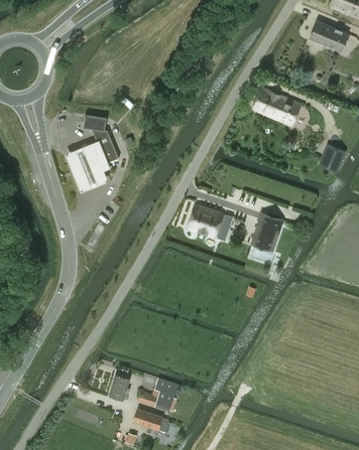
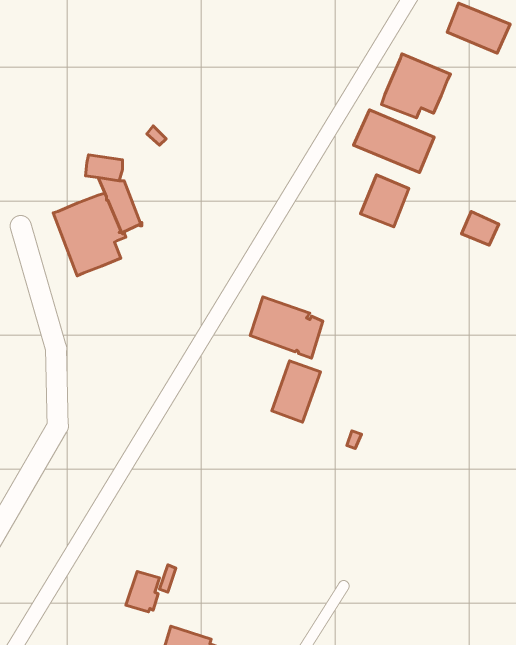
building: none -> [382,54,450,118]
building: none -> [360,175,409,227]
building: [251,212,281,251] -> [272,361,320,422]
building: [137,378,177,410] -> none

